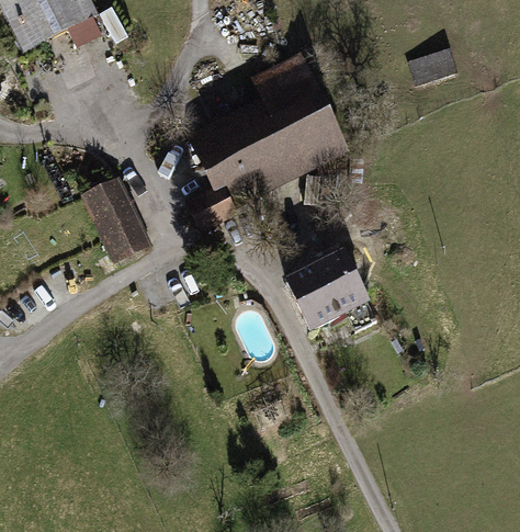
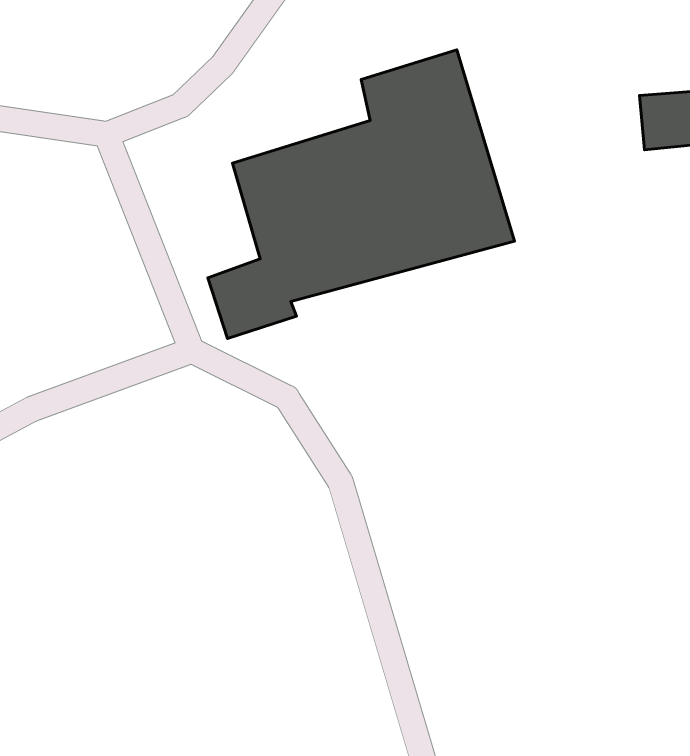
building: [80,177,149,260] -> none
building: [284,247,371,333] -> none

